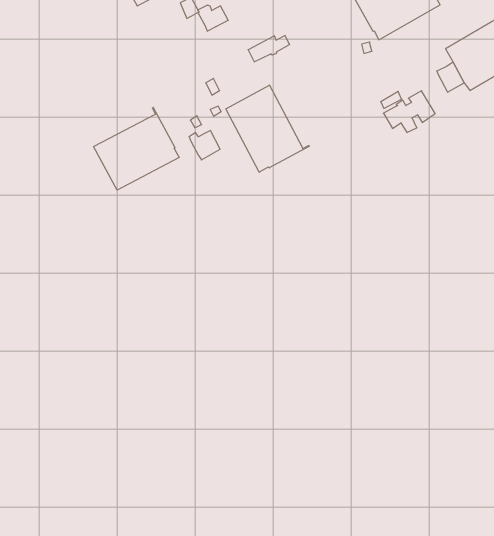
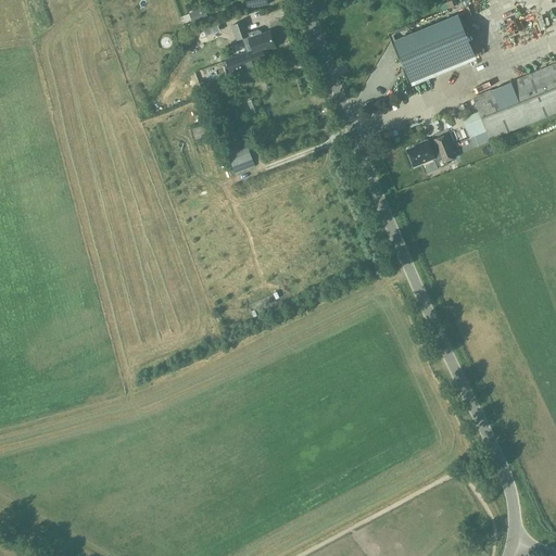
building: [248,36,290,62] -> [227,49,266,71]
building: [226,85,309,172] -> none
building: [94,107,179,190] -> none

